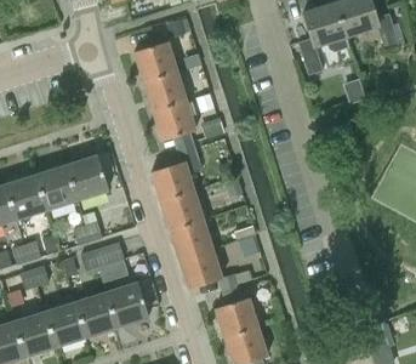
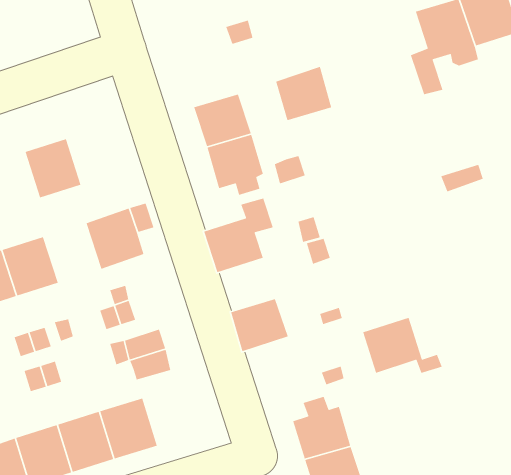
building: [135,41,176,81] -> [275,66,332,121]
building: [35,165,76,209] -> [24,138,82,199]
building: [160,190,203,229] -> none
building: [178,248,237,289] -> [362,317,443,374]
building: [107,281,148,326] -> none

